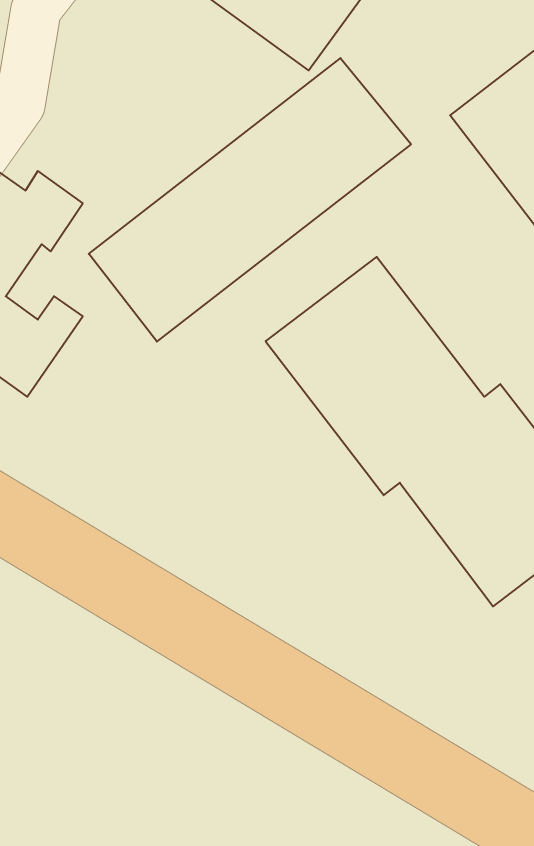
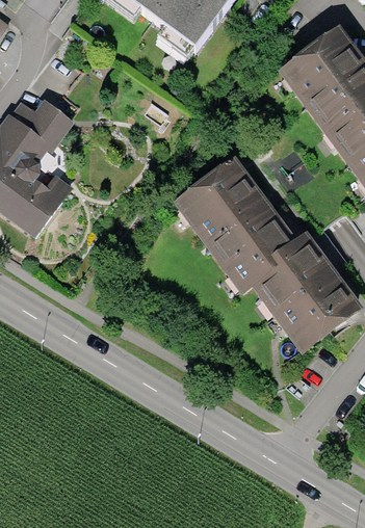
building: [89,58,411,342] -> none

